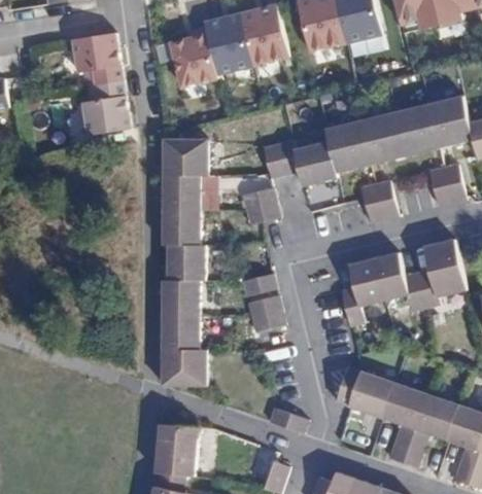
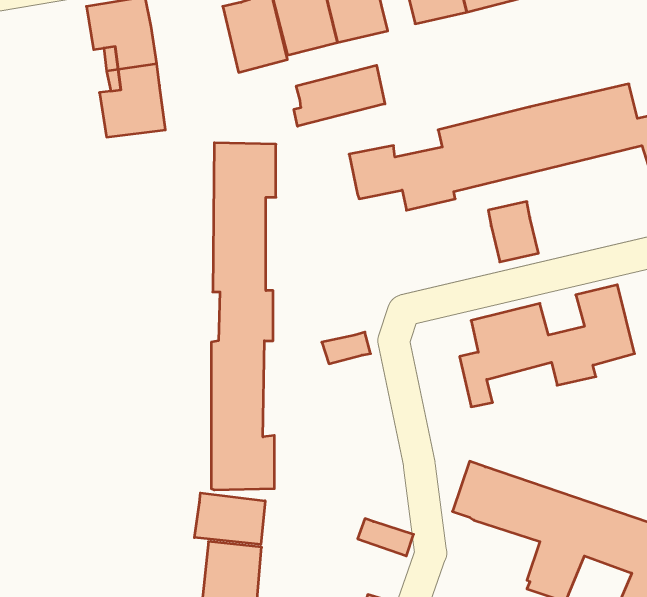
building: none -> [294,65,385,126]
building: [428,164,466,207] -> none
building: [239,188,277,226] -> none
building: [247,295,284,333] -> none
building: none -> [194,493,265,544]

